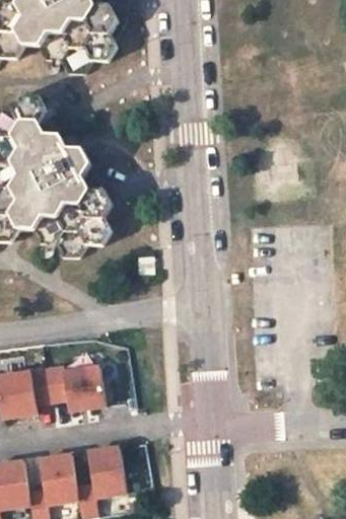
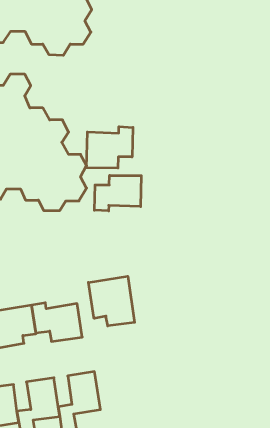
building: none -> [87,127,133,168]
building: none -> [94,175,141,211]
building: none -> [88,276,135,326]

